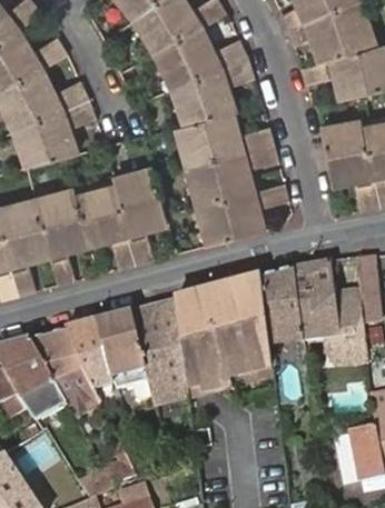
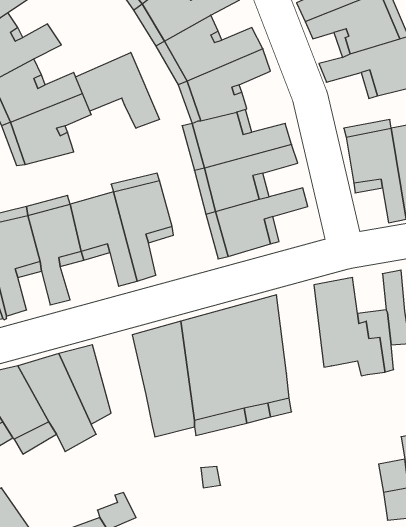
building: none -> [76,52,159,128]
building: [259,267,302,346] -> none
building: [95,311,148,396] -> none

